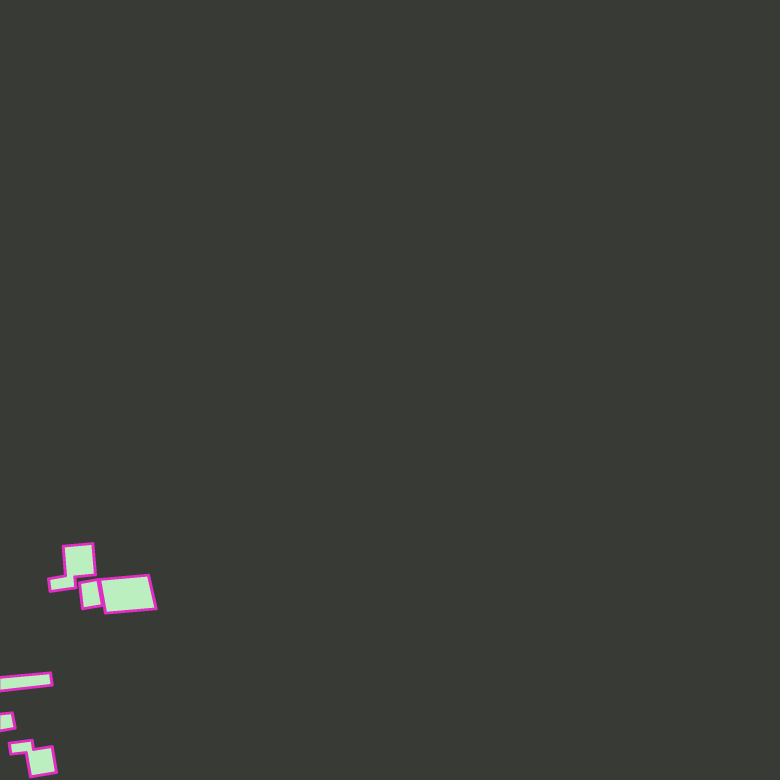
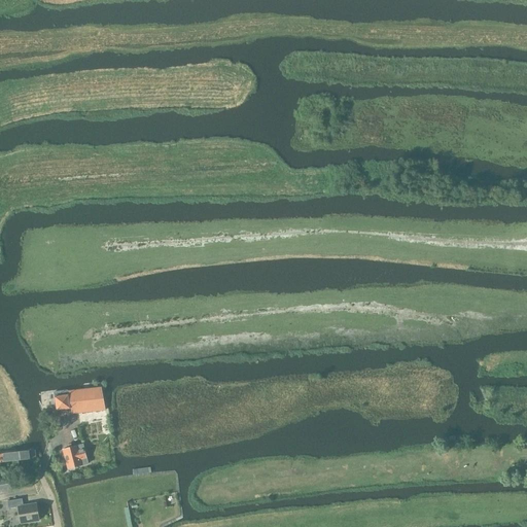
building: [49,543,96,591] -> none
building: none -> [62,444,85,468]

